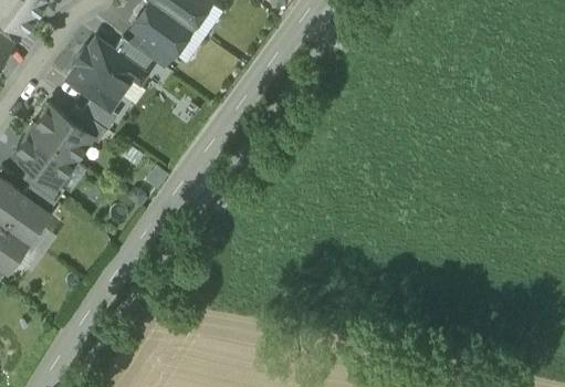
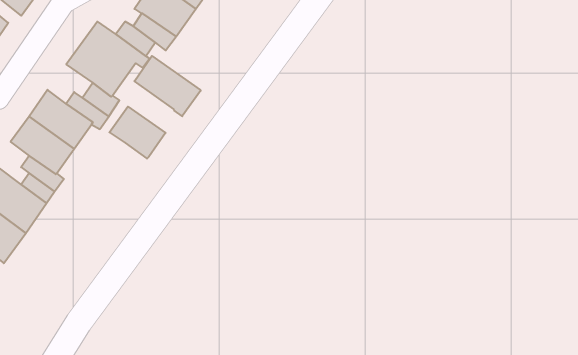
building: none -> [134,56,201,116]
building: none -> [109,107,166,159]

